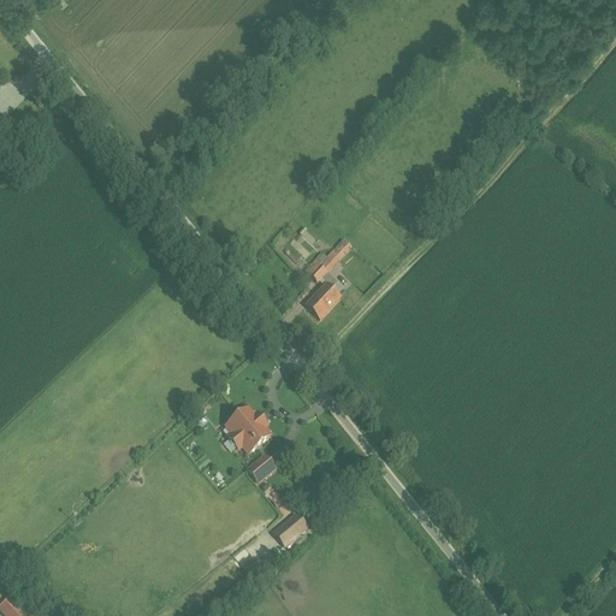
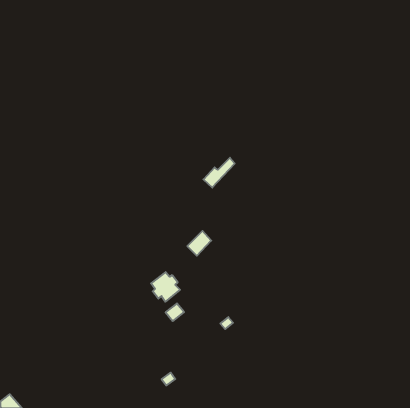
building: [306,280,342,318] -> [187,231,211,256]
building: [276,511,309,544] -> none

